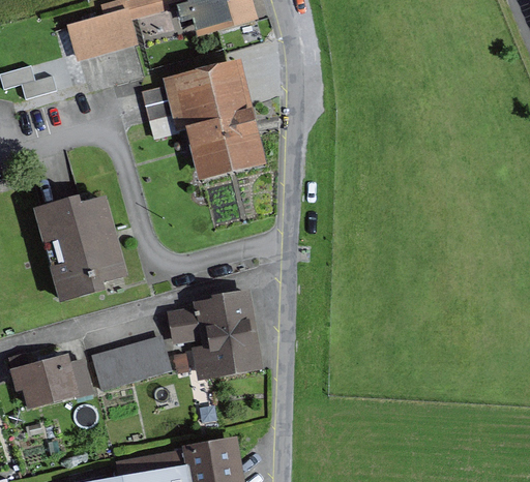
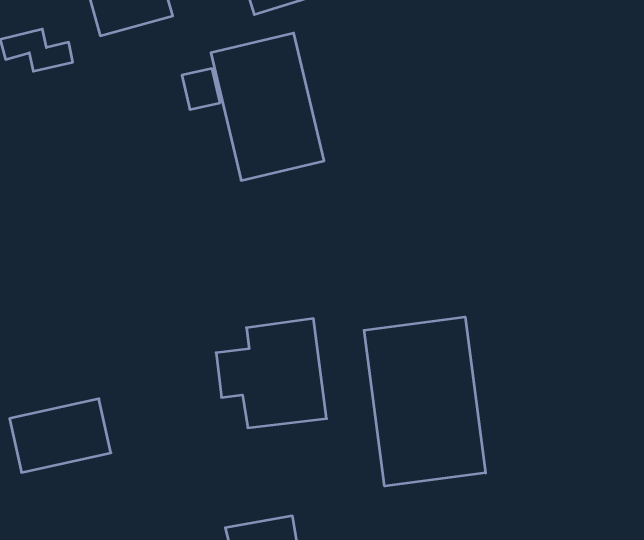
building: [27,195,124,301] -> none
building: none -> [364,317,486,486]
building: [96,336,174,391] -> none

